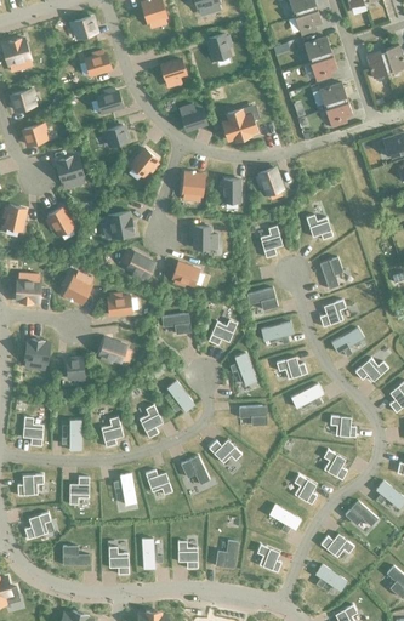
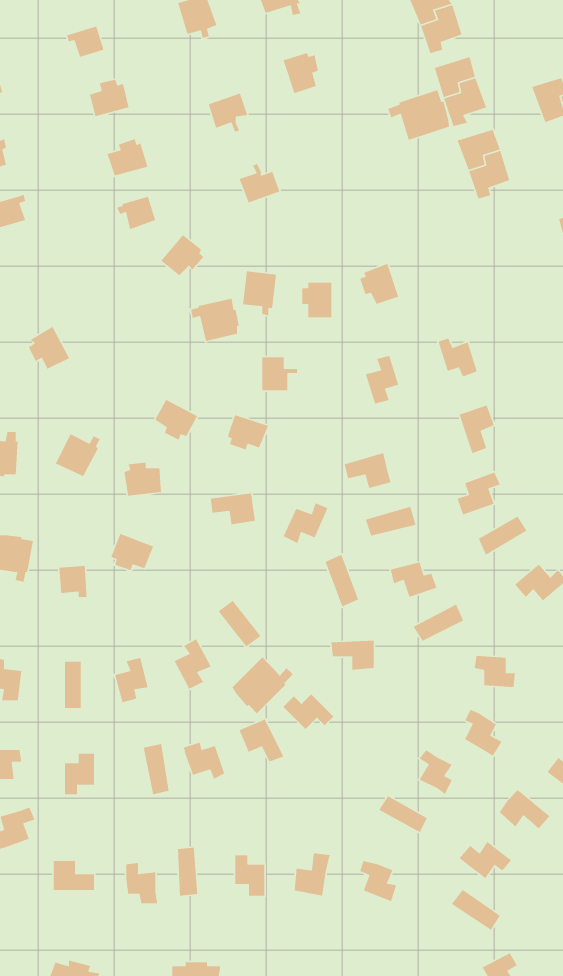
building: none -> [387,89,450,141]
building: [222,109,258,141] -> none
building: [55,155,84,184] -> none
building: [102,211,133,239] -> [190,298,240,342]
building: none -> [231,657,294,714]

